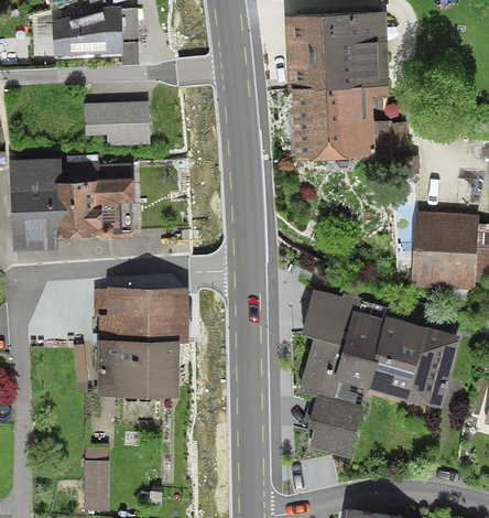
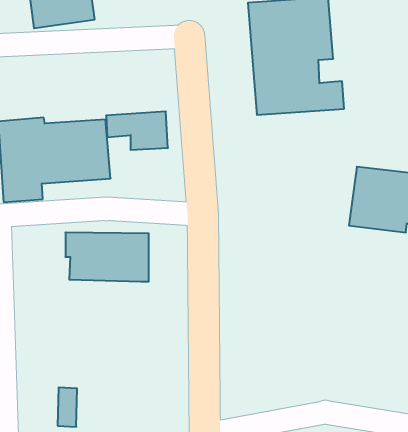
building: [81,101,151,144] -> [106,112,168,150]
building: [293,282,453,453] -> none
building: [93,341,174,397] -> none

